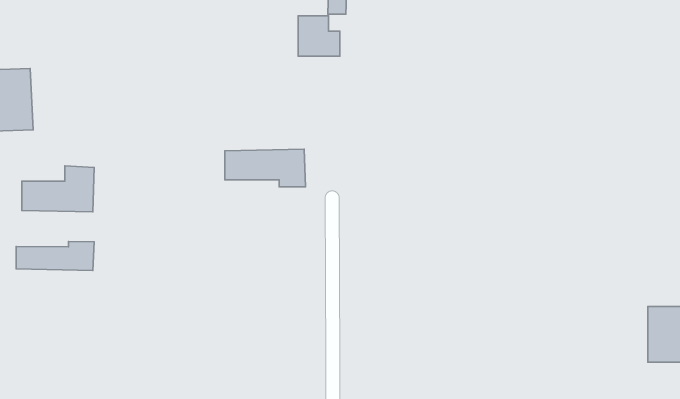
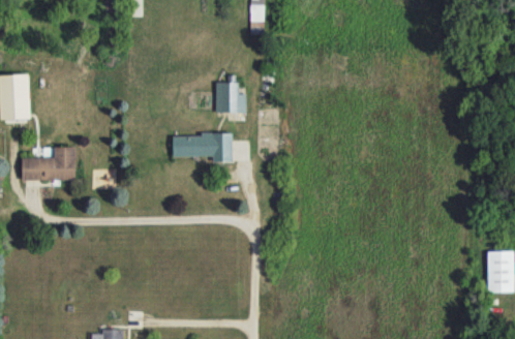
building: [298,16,340,56] -> [215,83,246,113]
building: [16,242,94,270] -> none

